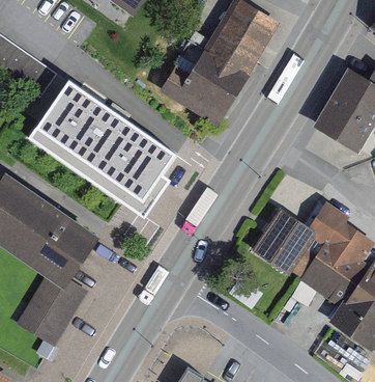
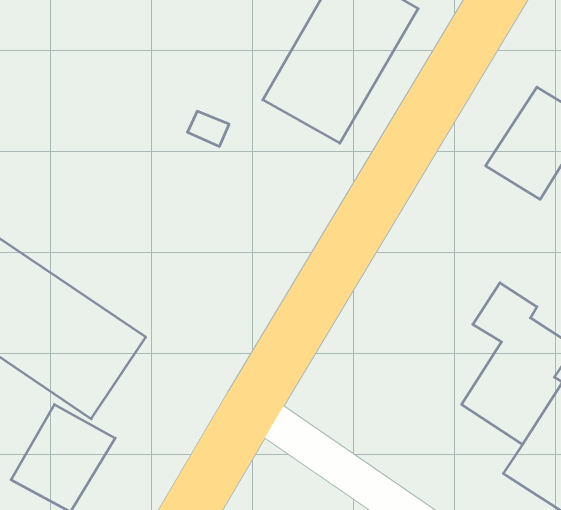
building: [35,84,165,201] -> none
building: [251,208,327,279] -> none

